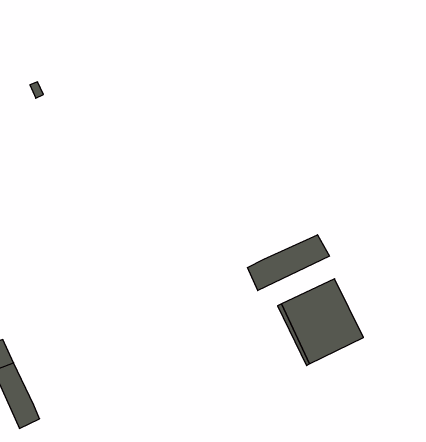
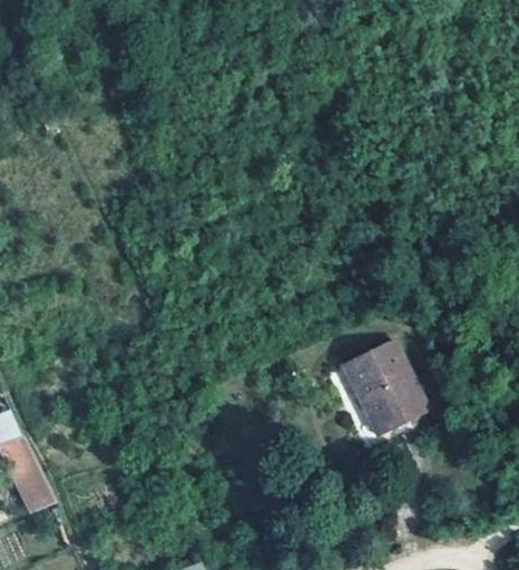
building: [247,235,329,291] -> none

